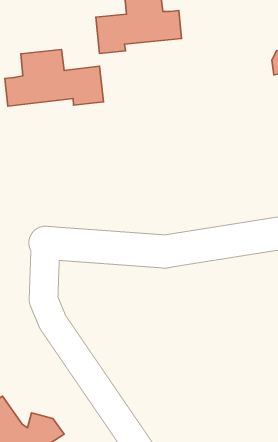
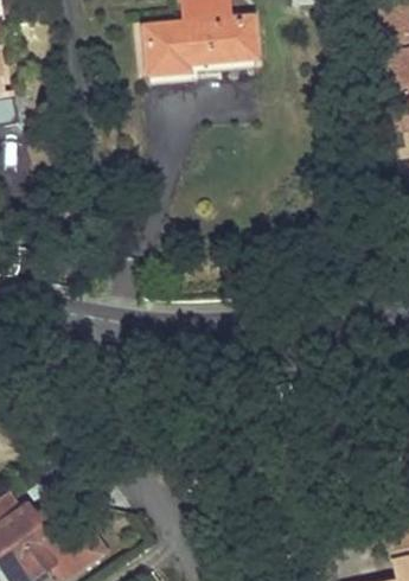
building: [5,49,104,106] -> none

